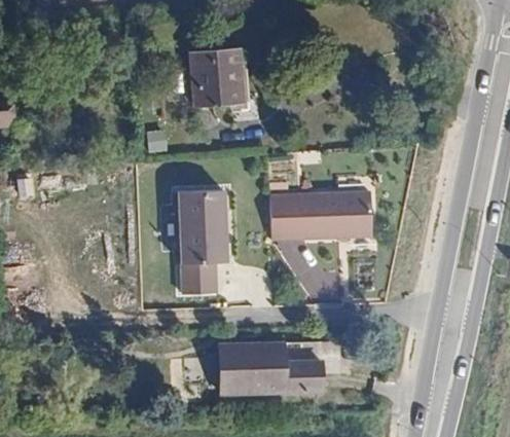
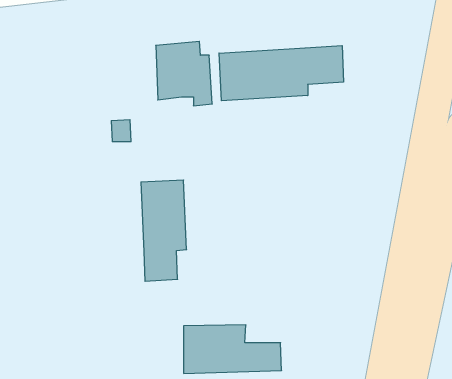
building: none -> [219,46,343,101]
building: [269,191,370,241] -> none

